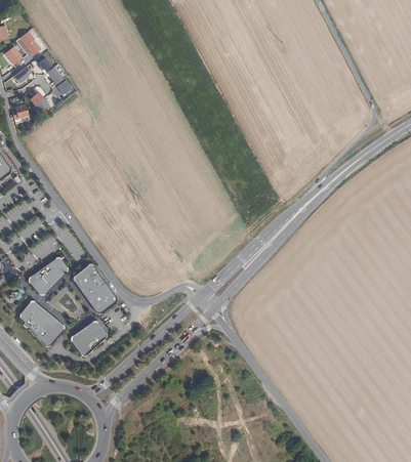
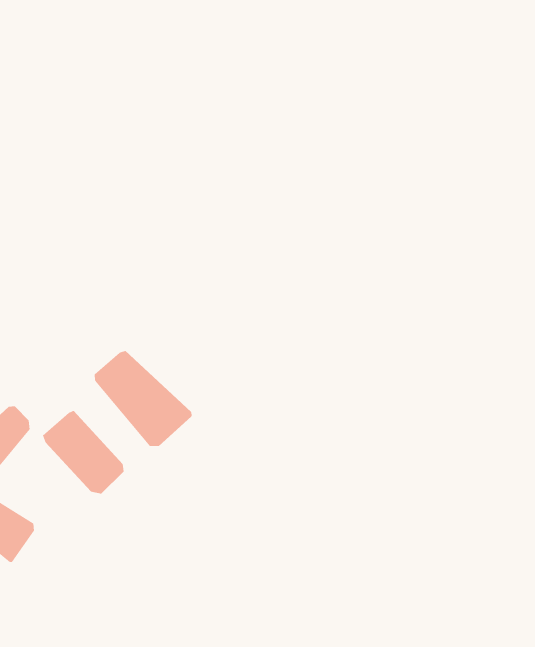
building: none -> [94,350,192,447]
building: [72,322,107,355] -> none

